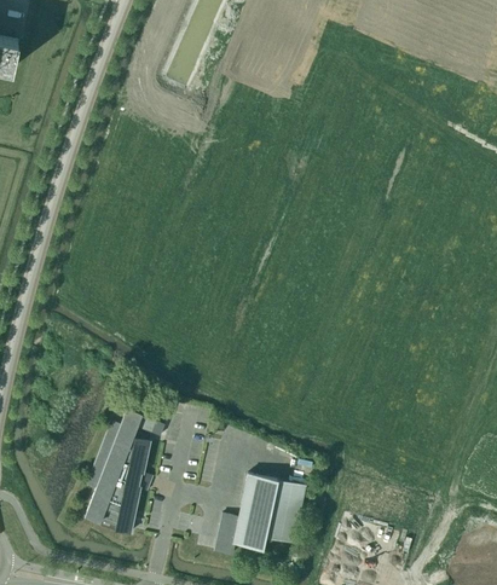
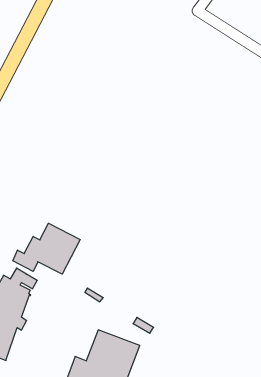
building: none -> [13,223,80,274]

